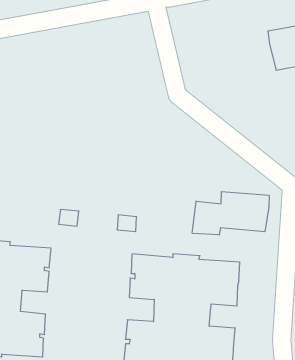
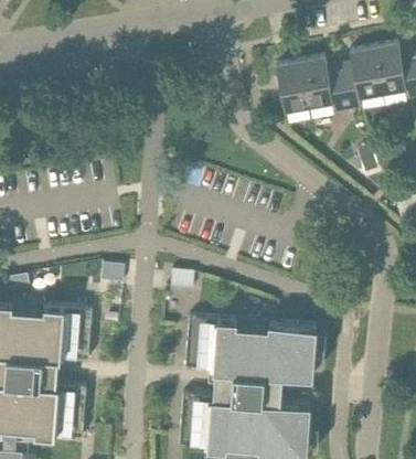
building: none -> [275,57,360,114]
building: [192,192,269,235] -> none

